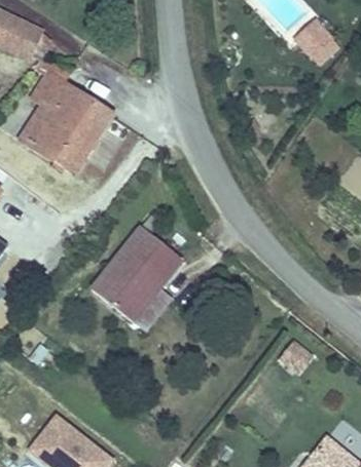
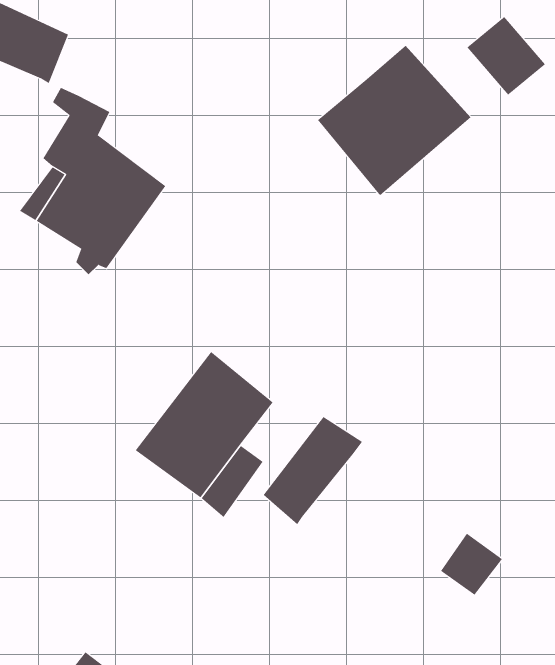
building: none -> [317,45,471,196]
building: none -> [263,416,363,525]

